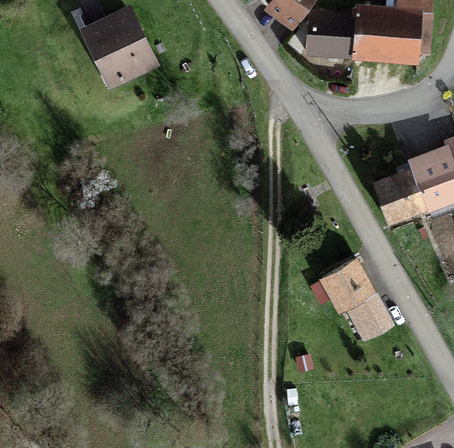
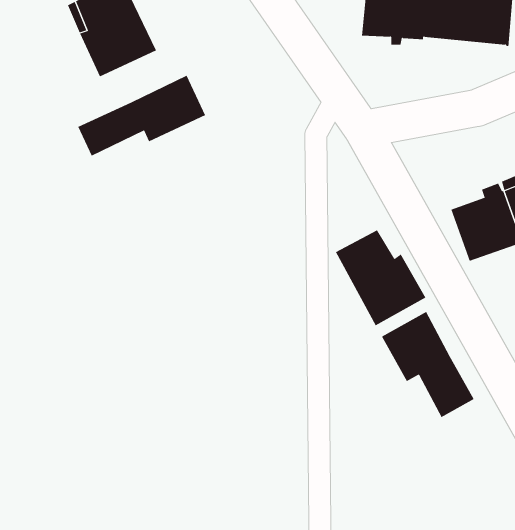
building: none -> [77,75,206,157]
building: none -> [335,229,426,326]

